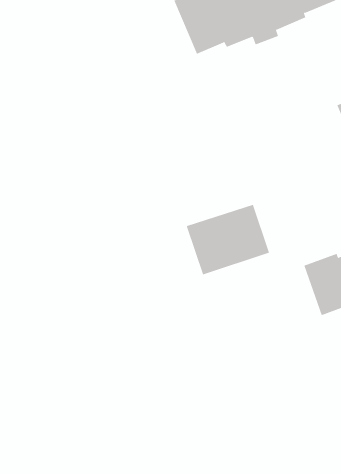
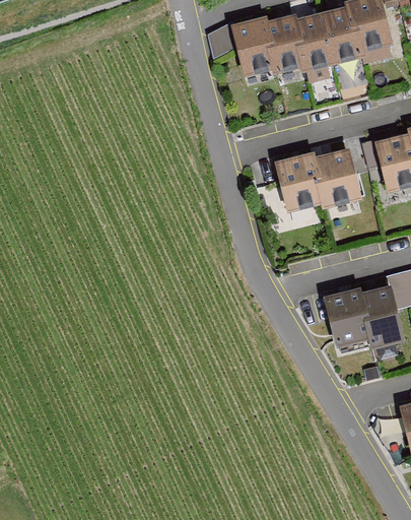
building: [186,204,270,275] -> [280,149,359,213]

